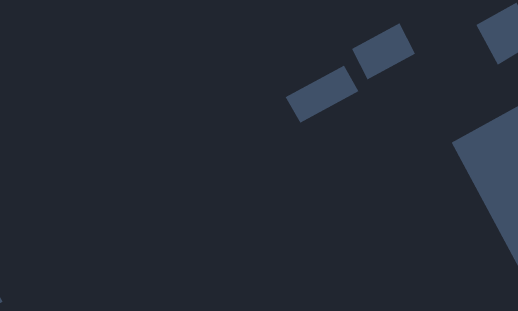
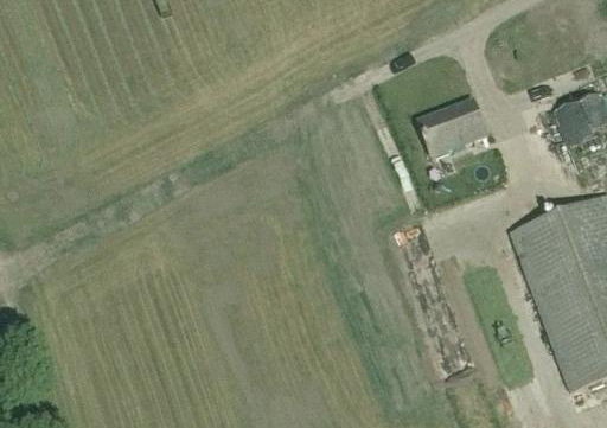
building: [285,65,359,123] -> none

